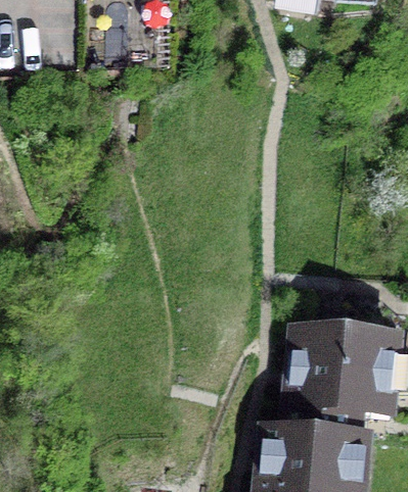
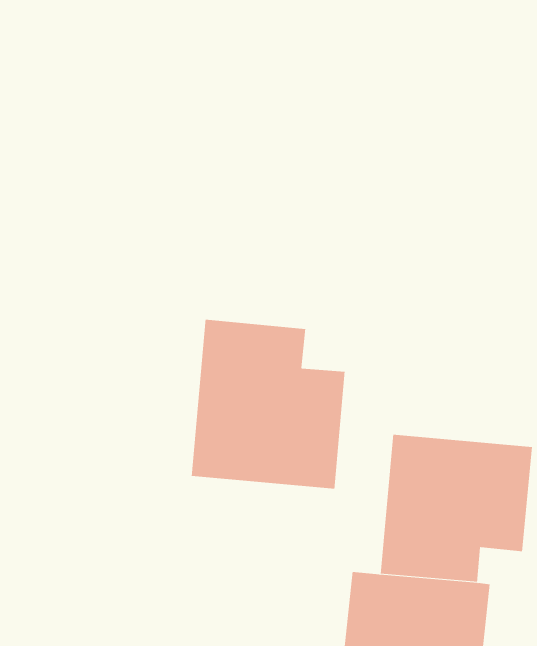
building: none -> [191,319,345,489]

